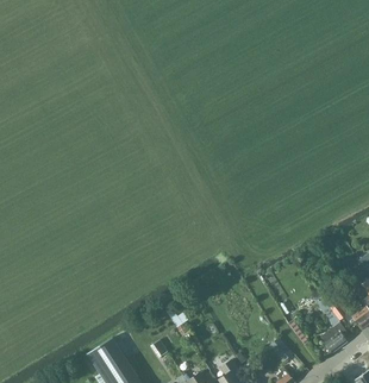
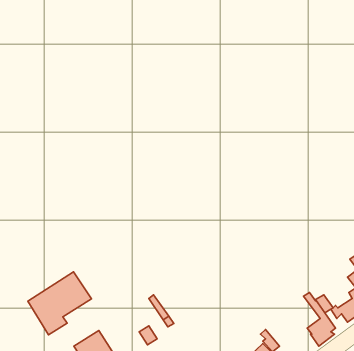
building: none -> [28,272,91,335]

